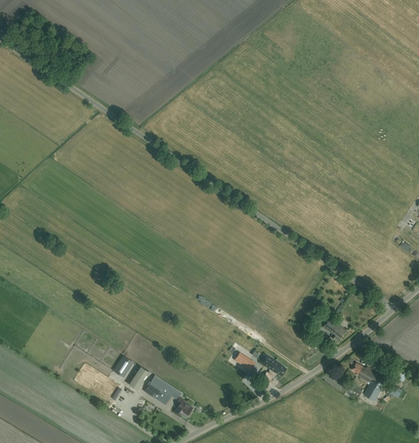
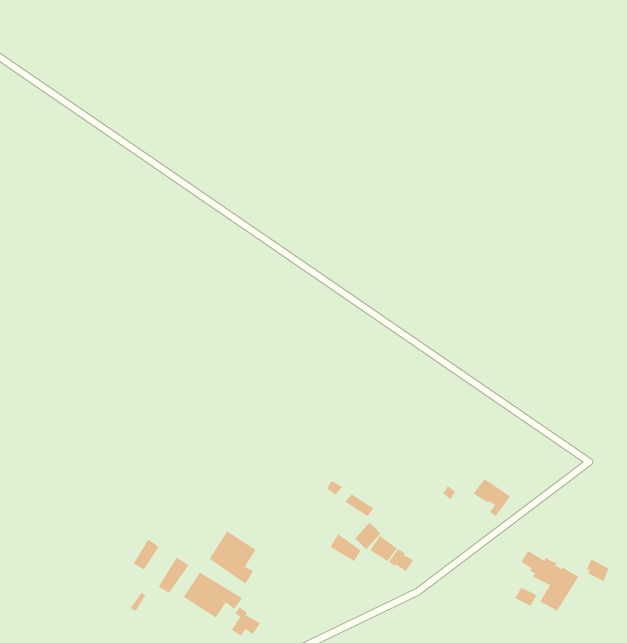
building: none -> [209,531,256,584]

